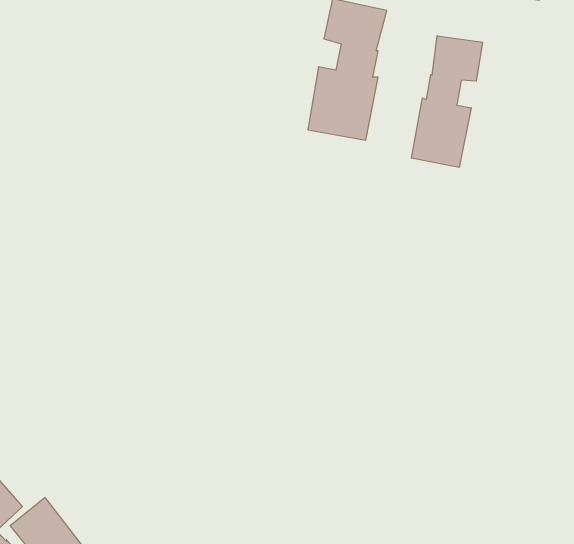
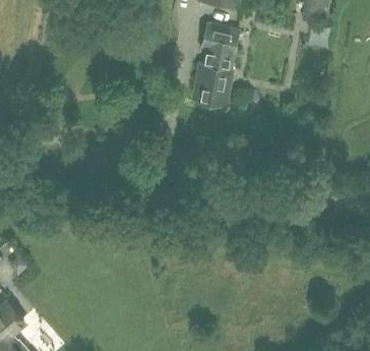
building: [412,36,483,167] -> none

